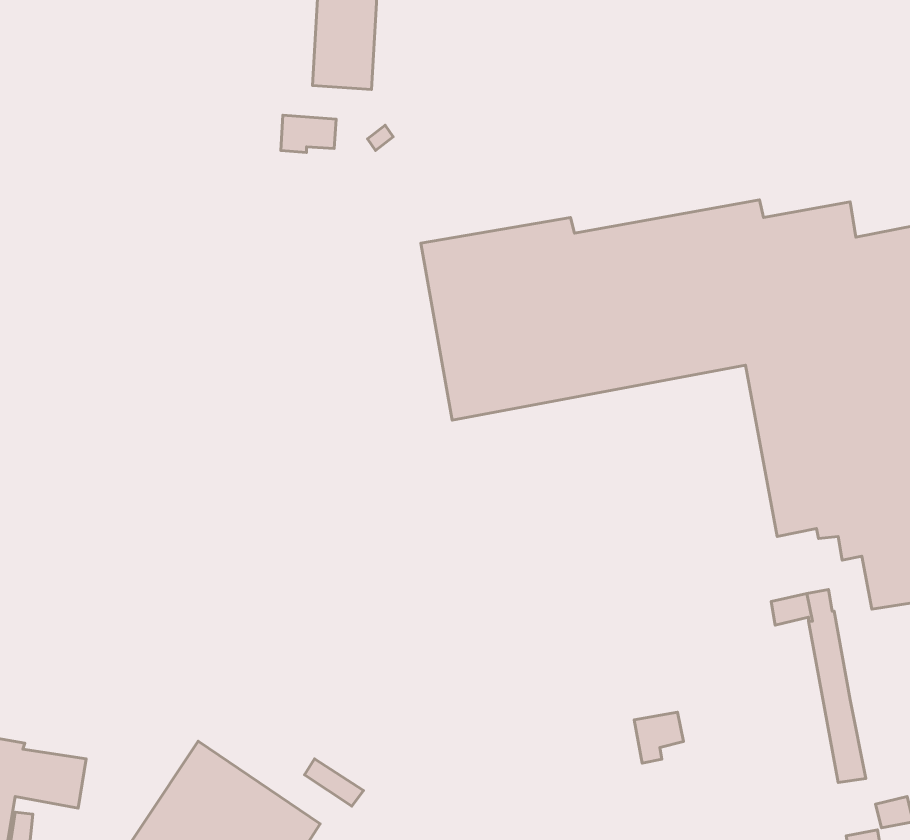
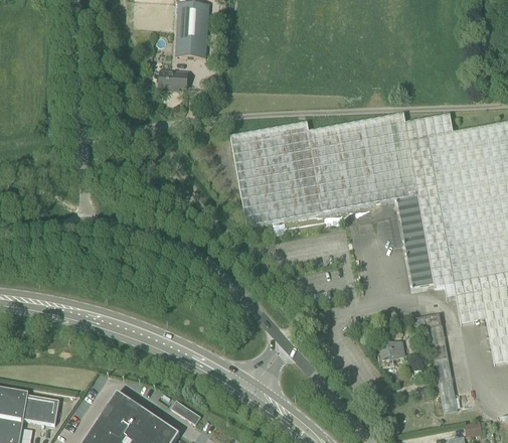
building: [634,712,683,763] -> [379,341,404,367]

